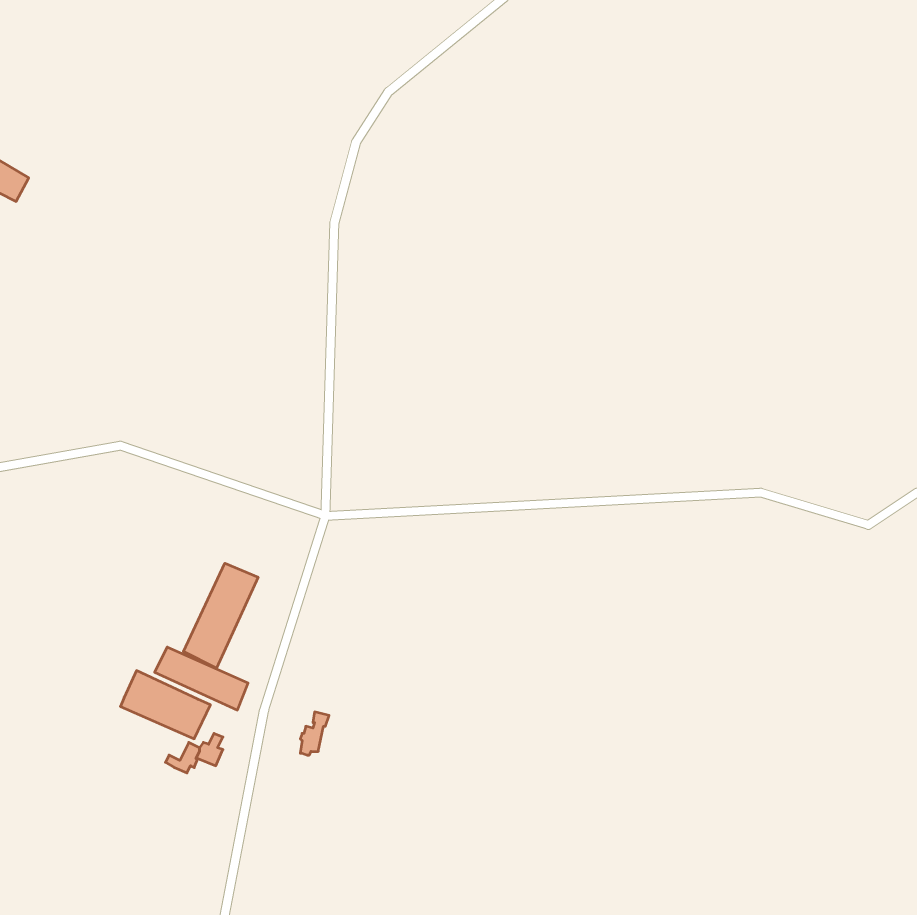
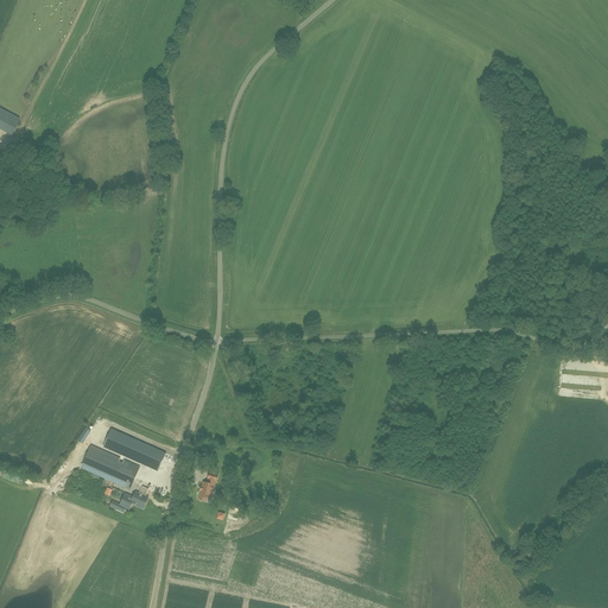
building: [183,563,258,668] -> none

